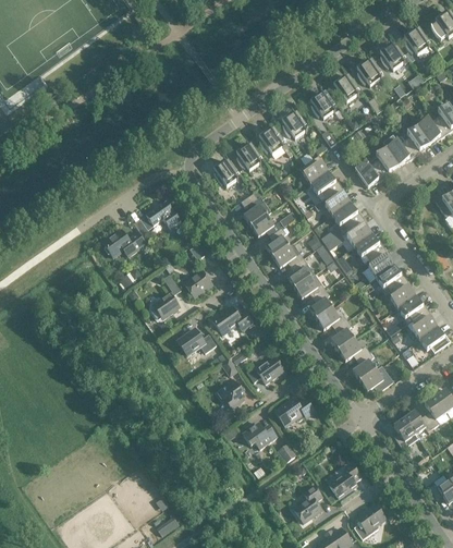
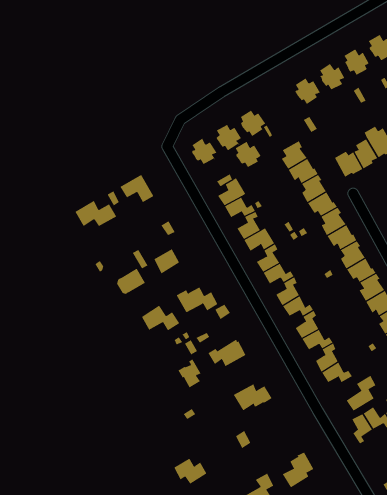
building: [280,110,307,137] -> [235,140,262,168]
building: none -> [346,375,376,411]
building: [242,422,276,448] -> [174,458,207,484]

